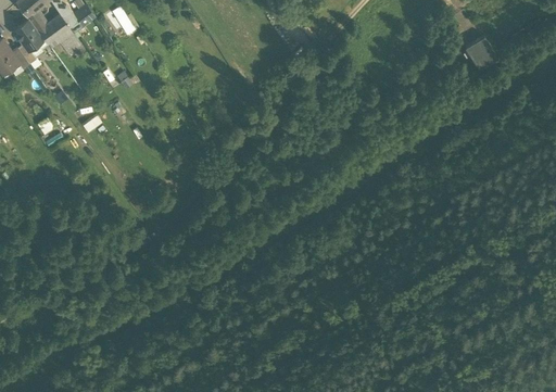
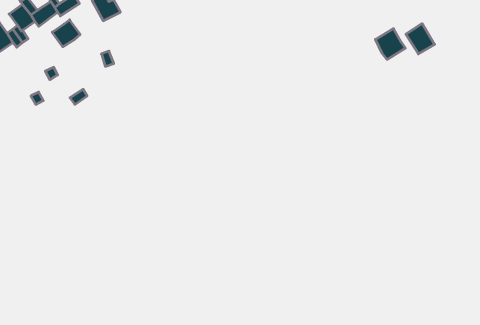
building: none -> [52,20,80,47]
building: none -> [375,29,405,59]

